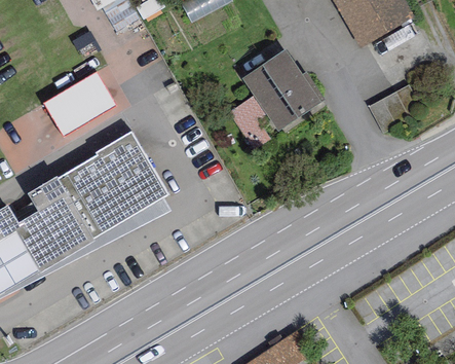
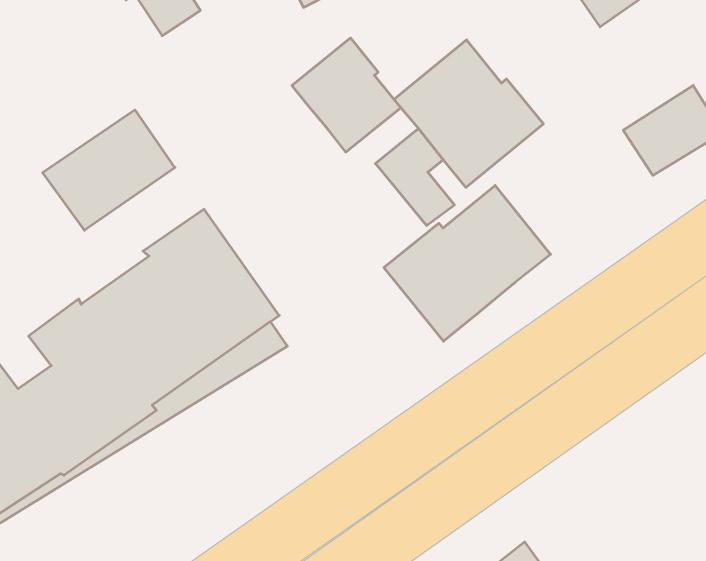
building: none -> [292,38,401,152]
building: none -> [384,185,551,341]

